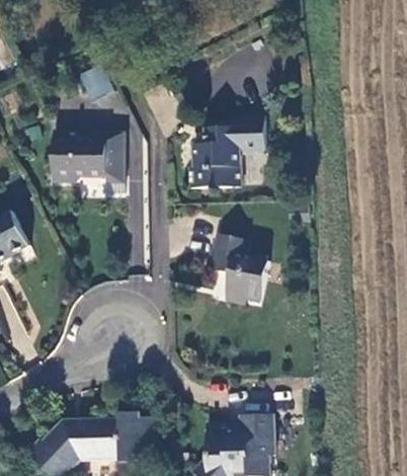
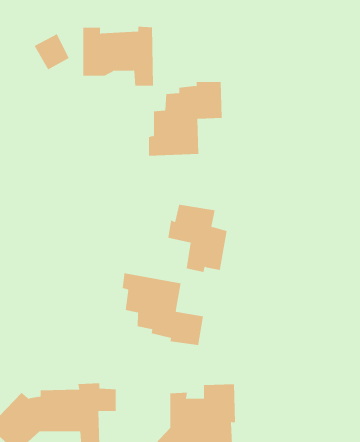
building: [51,133,121,192] -> [82,26,154,86]
building: none -> [122,273,204,346]

